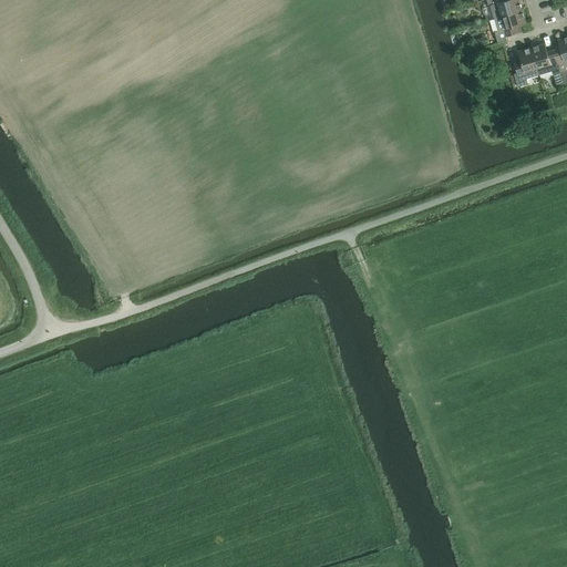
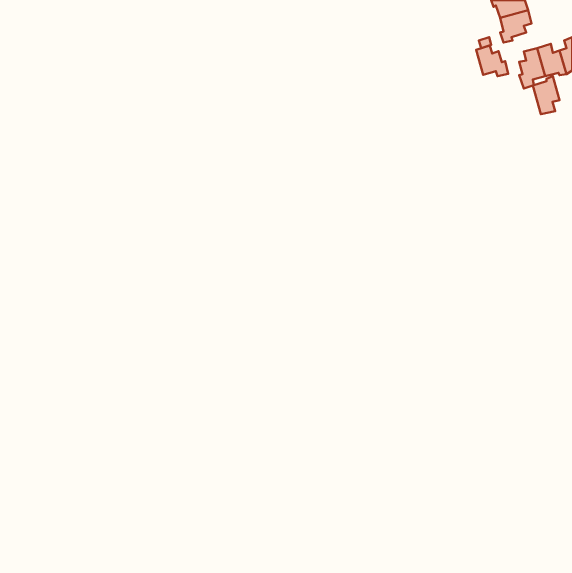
building: none -> [476,46,508,76]
building: none -> [533,76,560,114]

